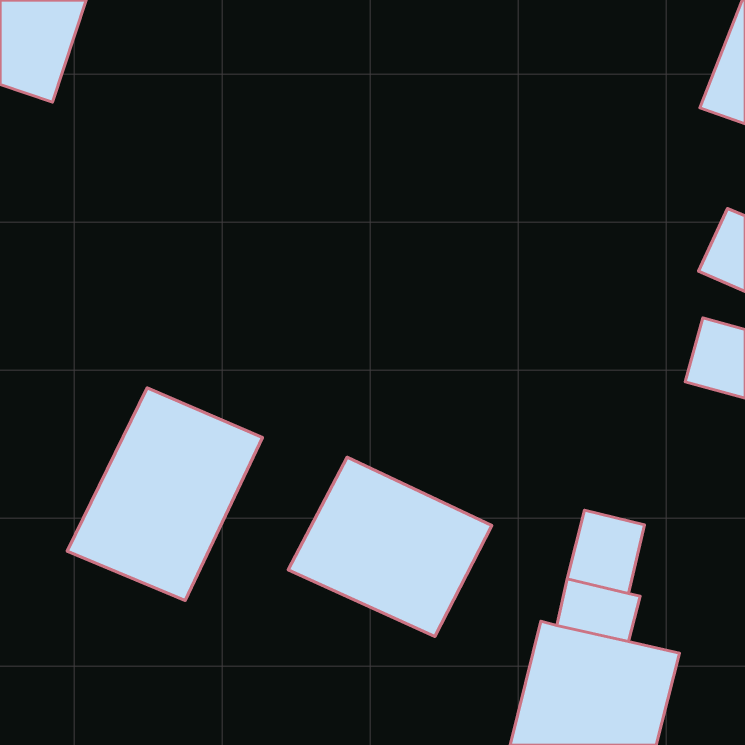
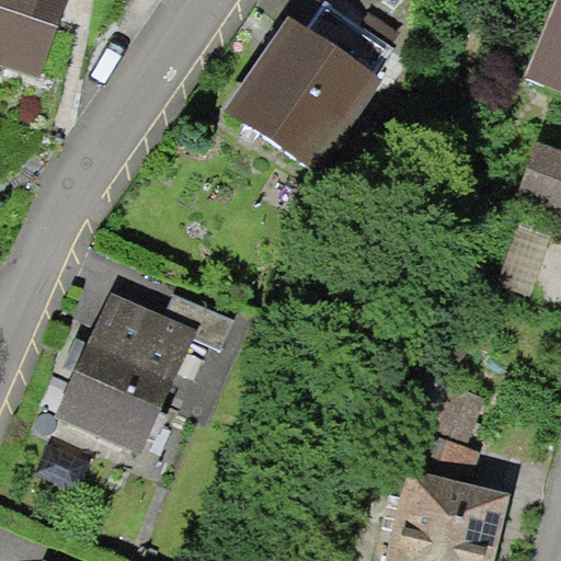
building: none -> [225,15,383,173]
building: [288,457,492,636] -> none

